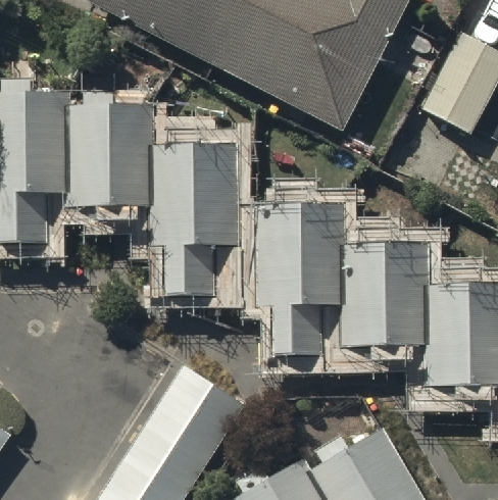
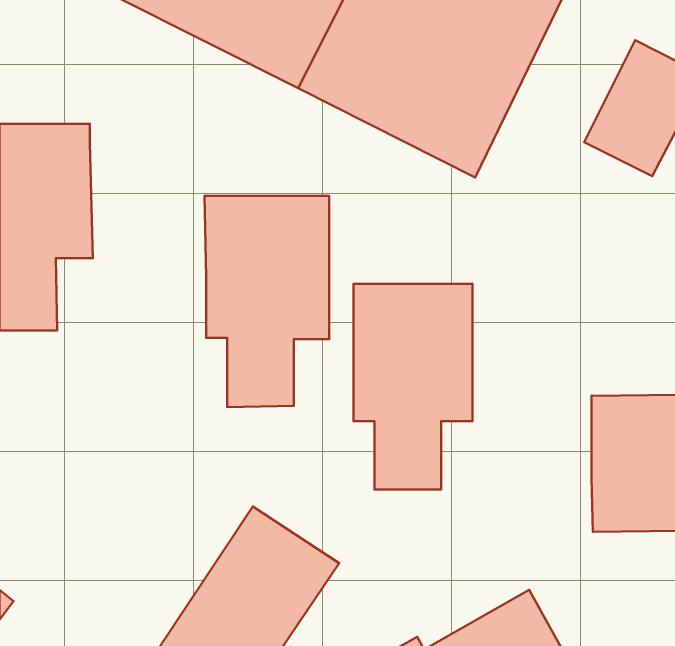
building: [67,103,151,201] -> none
building: [343,243,429,346] -> none

